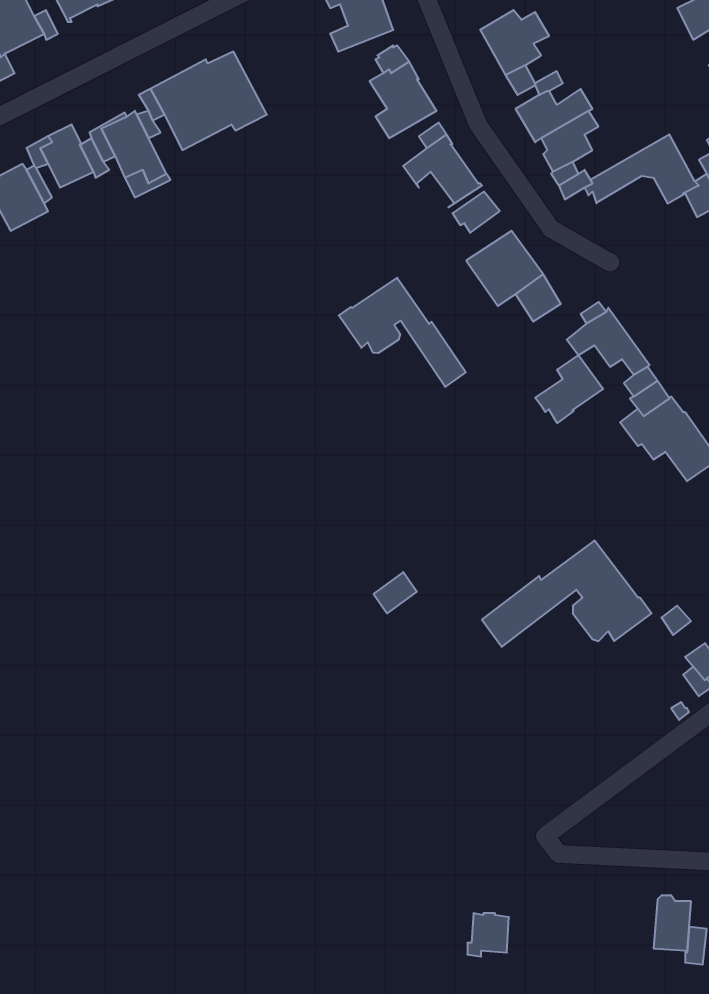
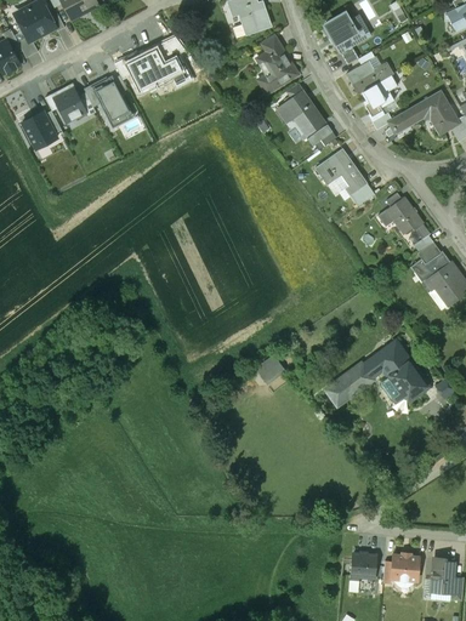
building: [339,278,466,387] -> none
building: [535,355,603,423] -> none
building: none -> [391,553,419,582]
building: [467,913,509,957] -> [350,553,375,580]

